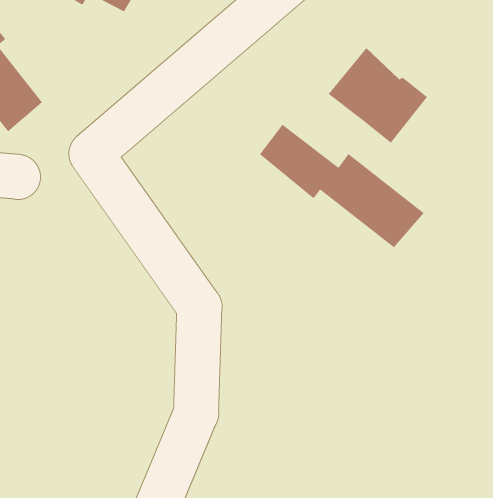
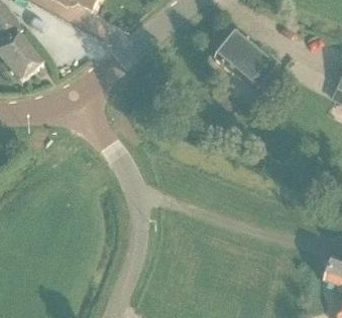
building: [259,124,424,248] -> none

